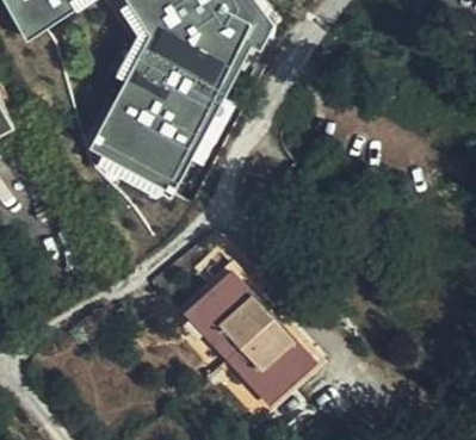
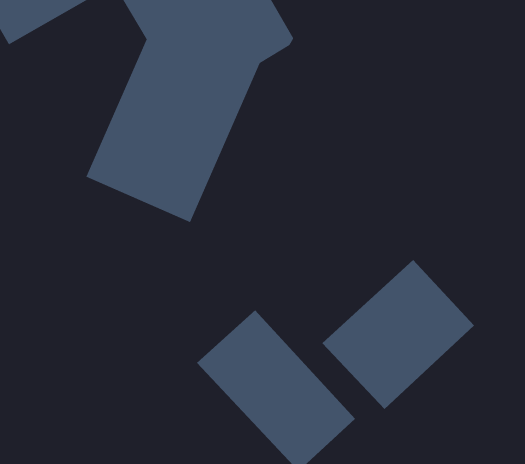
building: none -> [321,259,475,410]

